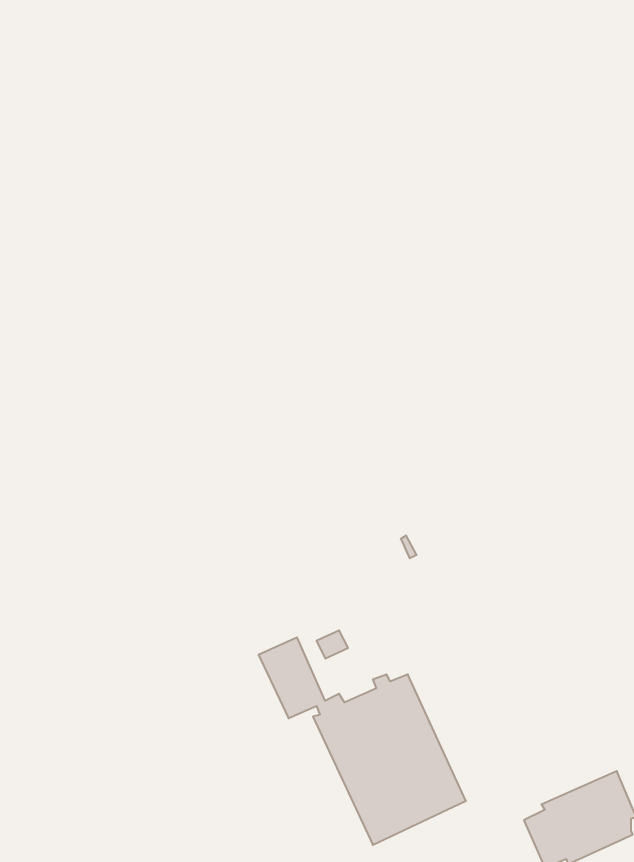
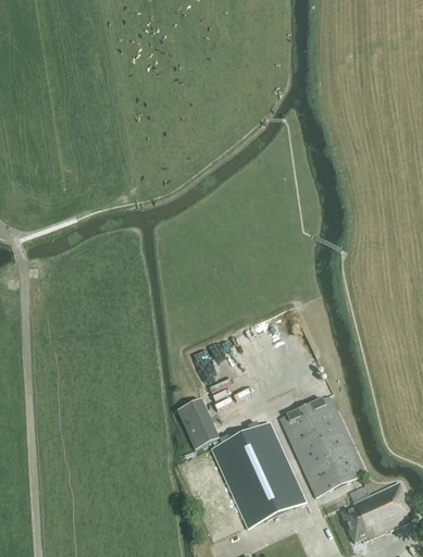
building: none -> [278,394,364,495]

